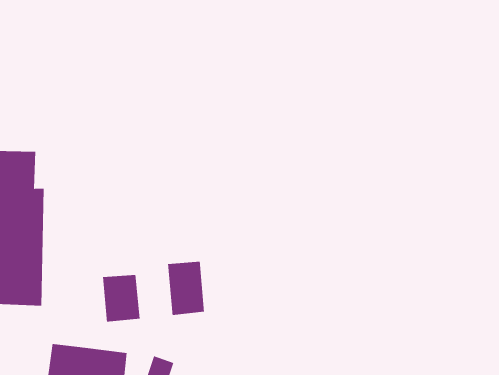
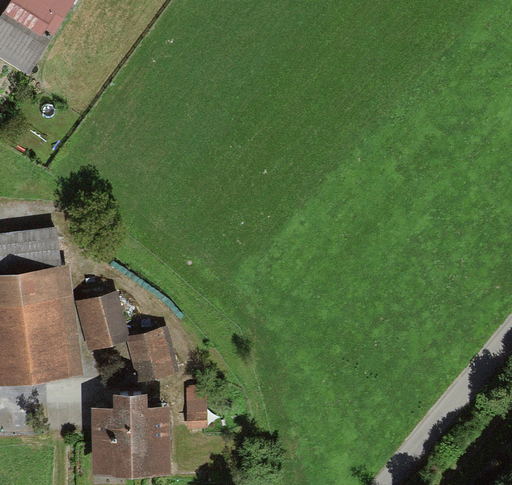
building: none -> [77,294,128,350]
building: [167,261,205,316] -> none

